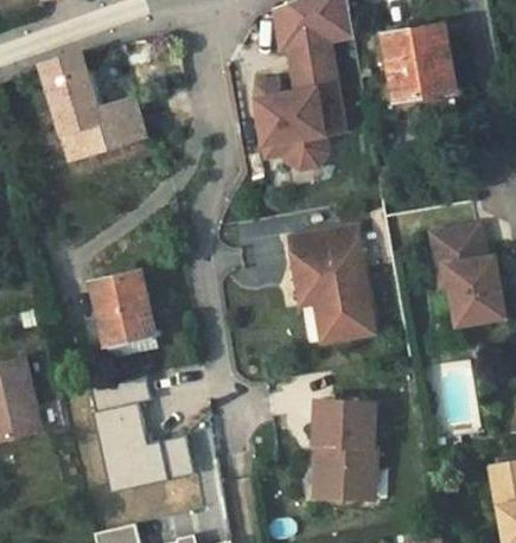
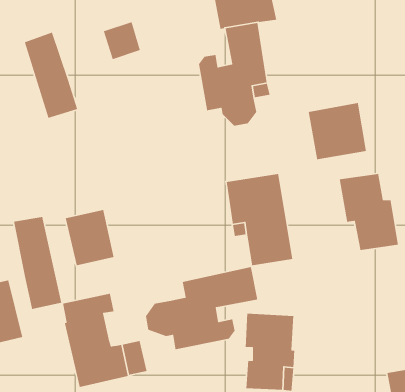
building: [382,25,456,97] -> [308,102,367,160]
building: [95,98,142,147] -> [103,21,141,60]
building: none -> [13,216,62,310]
building: none -> [145,266,258,350]

